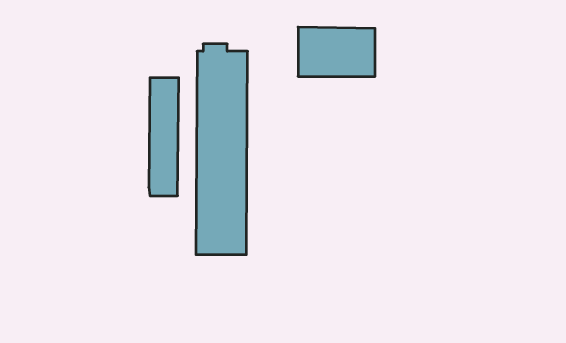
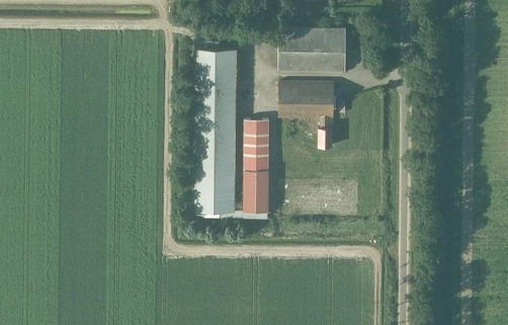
building: [149,78,179,196] -> [243,118,268,218]
building: none -> [278,81,333,146]

